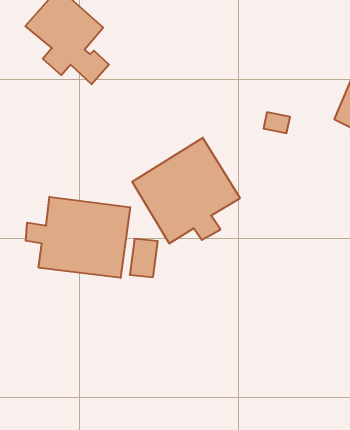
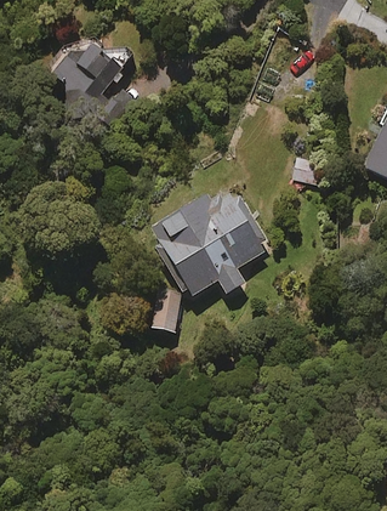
building: [26,197,130,278] -> none

